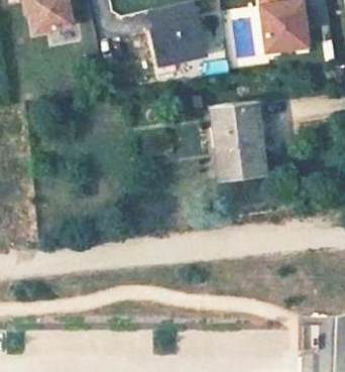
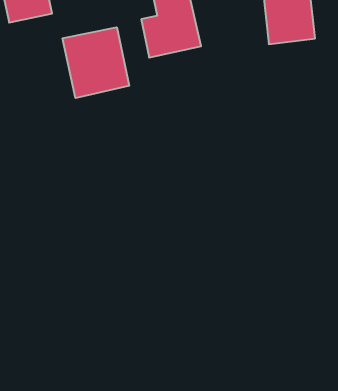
building: none -> [63,27,129,98]
building: [213,106,262,176] -> none

